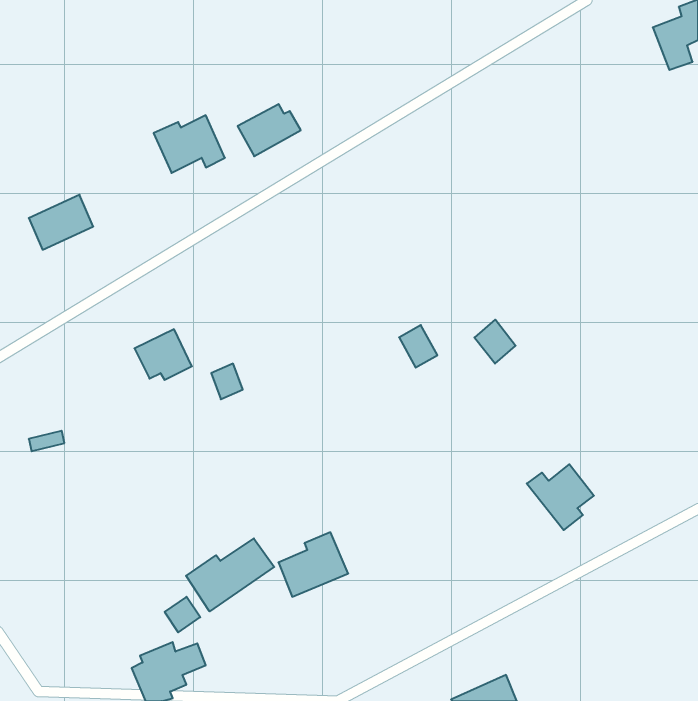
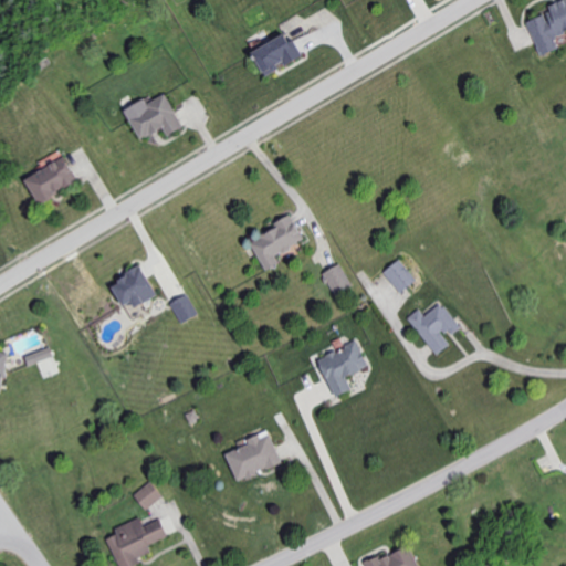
building: [238,104,301,156] -> [250,35,301,77]
building: none -> [248,216,303,270]
building: none -> [316,340,367,396]
building: [527,464,594,530] -> [406,302,460,355]
building: [186,538,274,611] -> none

